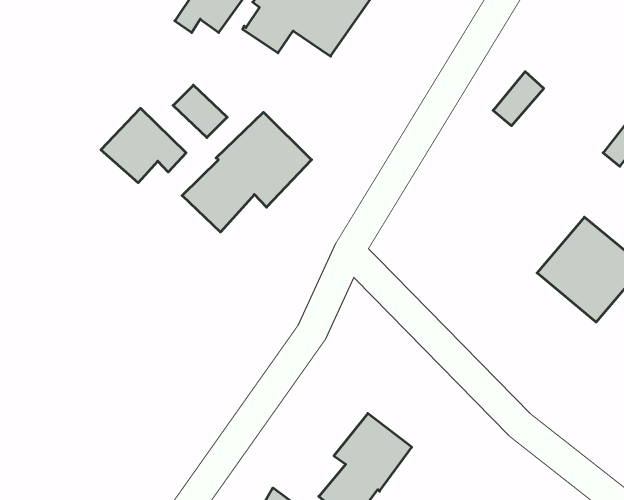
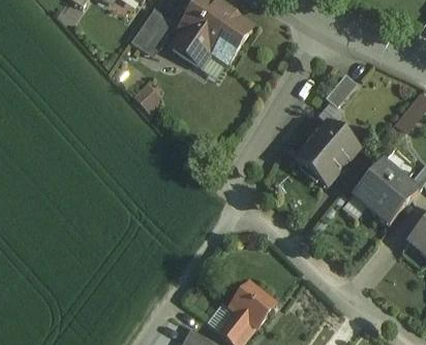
building: [101,108,186,183] -> none
building: [182,112,312,232] -> none
building: none -> [295,119,359,184]

